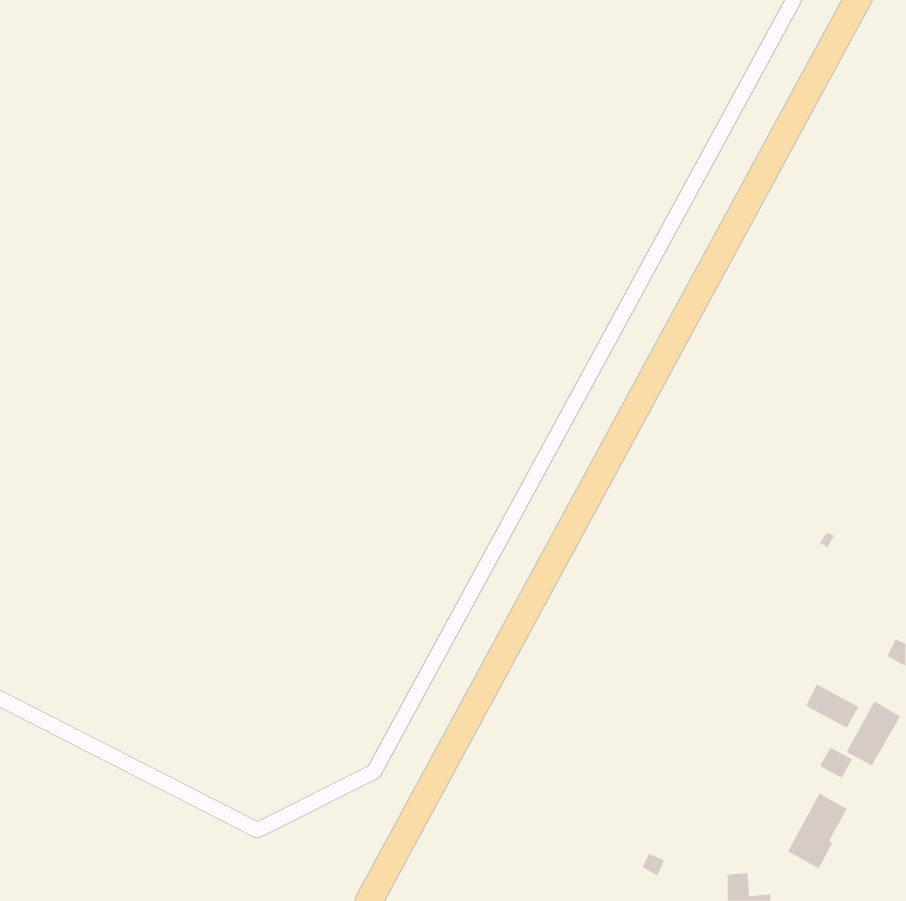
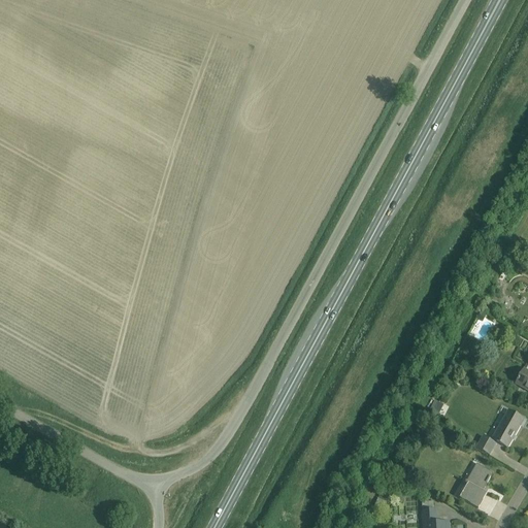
building: [805,684,859,728] -> none

